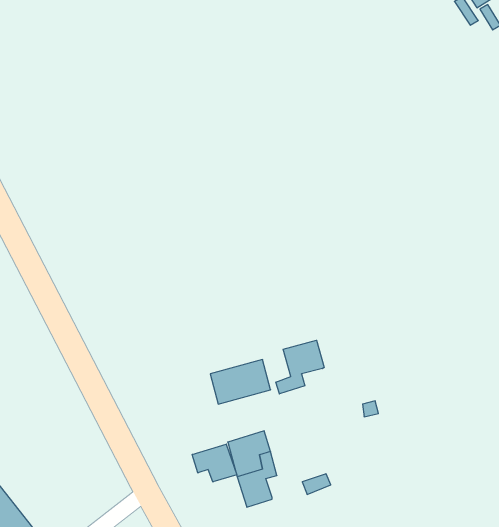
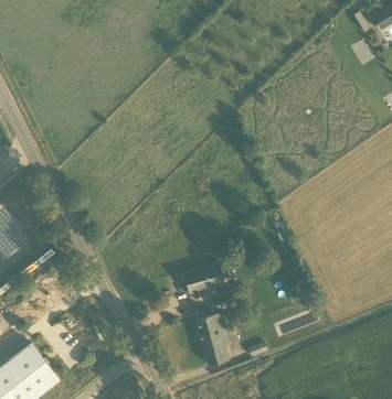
building: [276,340,324,394] -> none
building: [192,444,237,482] -> none

